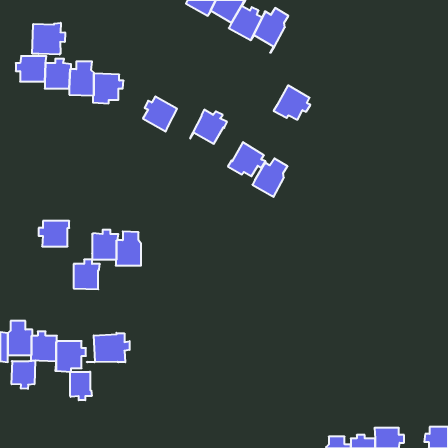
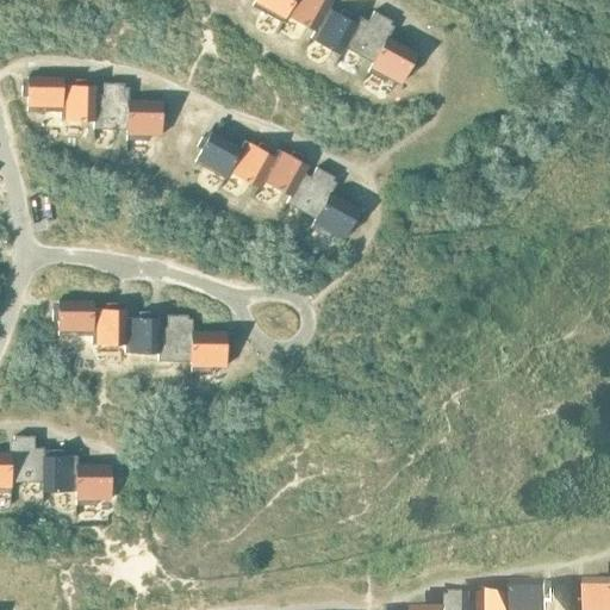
building: [32,23,65,55] -> none
building: [274,86,310,120] -> [368,37,418,83]
building: none -> [229,141,274,187]
building: [252,158,288,197] -> [287,167,335,219]
building: none -> [191,331,231,372]
building: [74,260,100,289] -> [92,304,127,344]
building: [87,333,130,362] -> none
building: [12,360,35,389] -> none
building: [70,372,92,400] -> none

